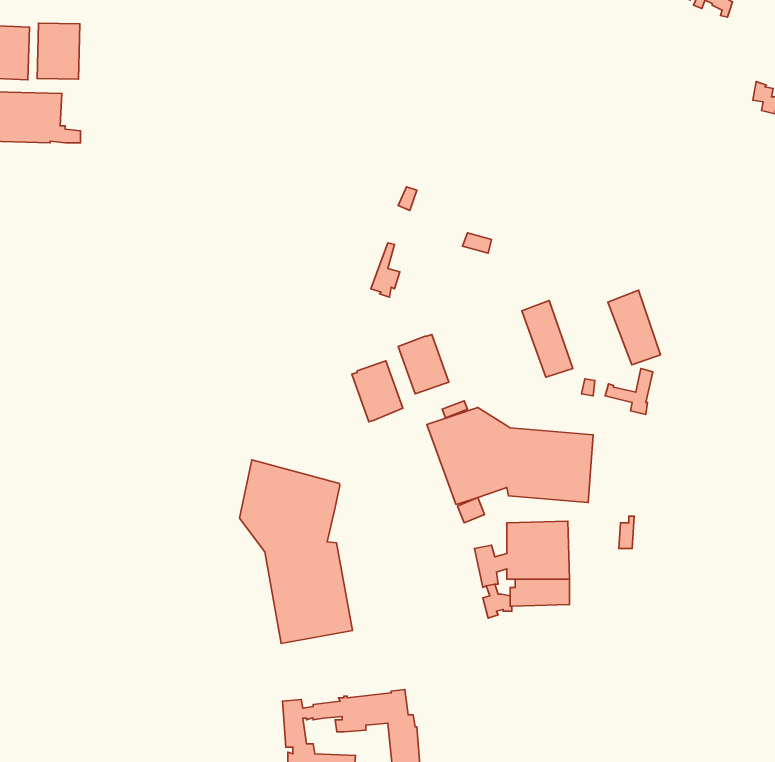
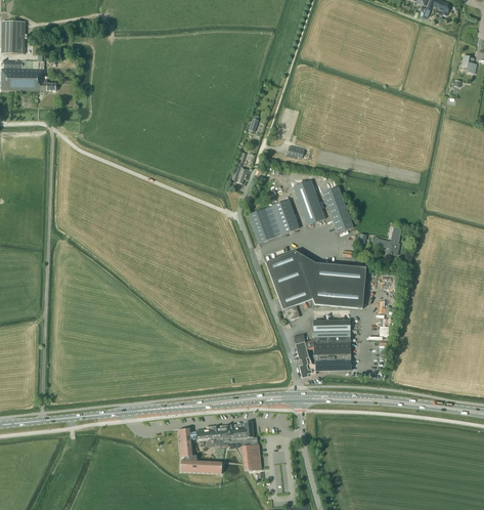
building: [37,23,80,79] -> none
building: [608,290,661,365] -> [293,179,324,224]
building: [352,361,403,422] -> [268,199,299,236]
building: [240,460,352,643] -> none

